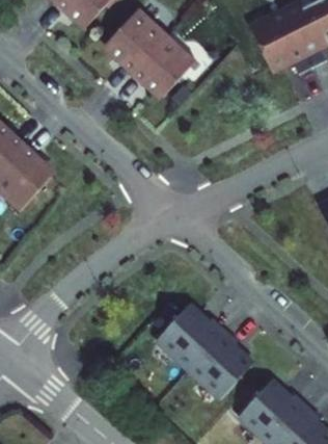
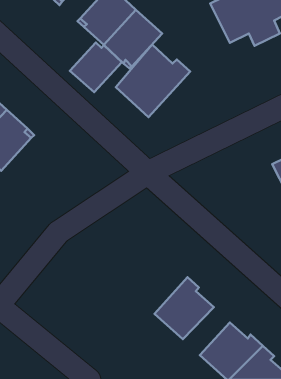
building: none -> [70,42,122,92]
building: none -> [116,45,190,117]
building: [156,304,224,370] -> none

